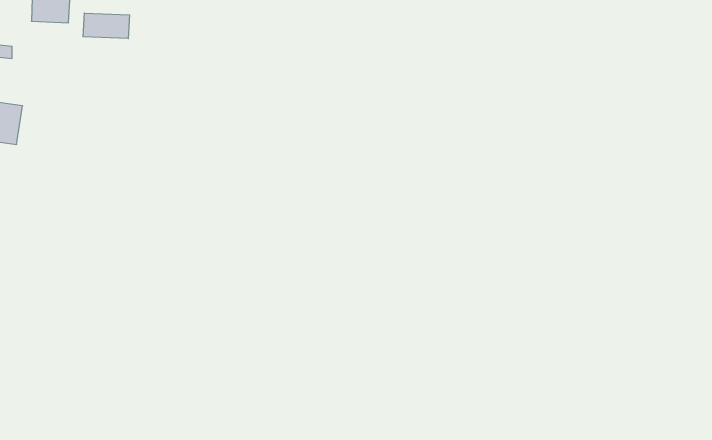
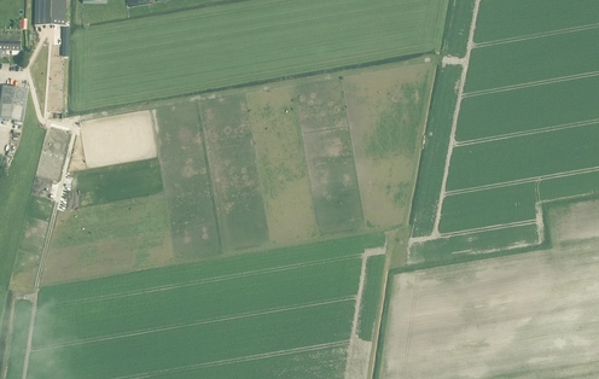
building: [83,13,130,39] -> none

